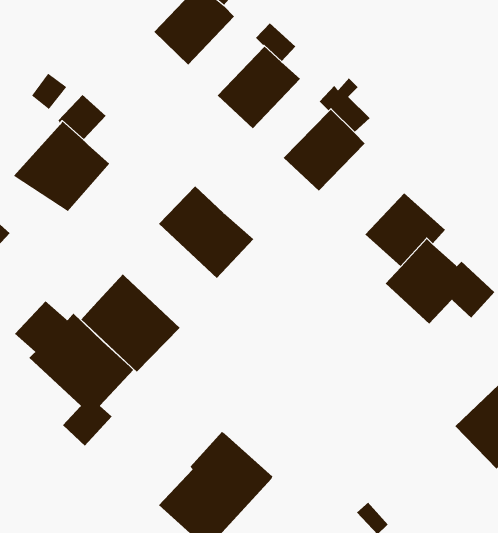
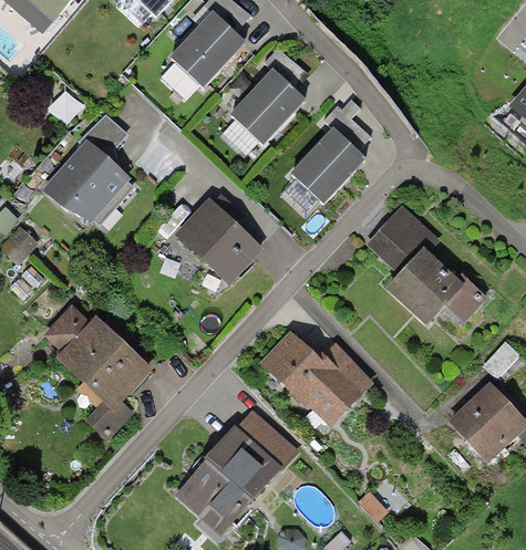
building: [80,274,181,372] -> none
building: none -> [259,330,373,426]
building: none -> [237,409,299,470]

